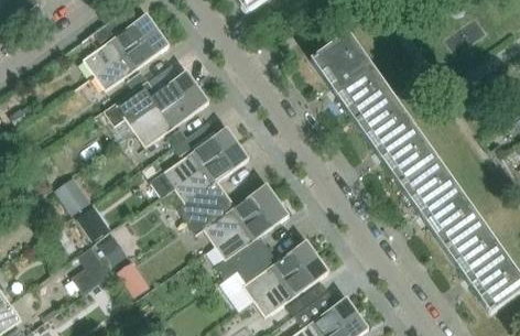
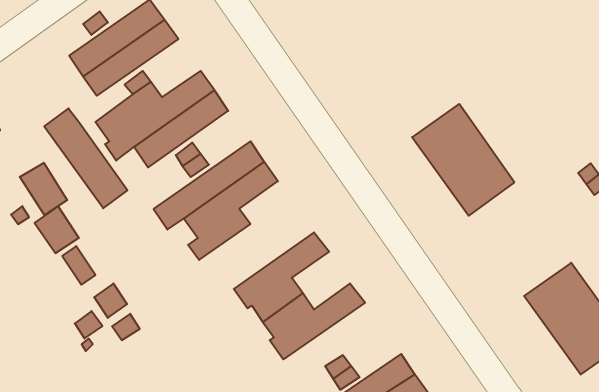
building: [311,32,393,122] -> none
building: none -> [44,108,127,208]
building: none -> [20,163,67,215]
building: [401,159,483,249] -> none
building: [186,183,278,243] -> none
building: [253,254,329,316] -> none

